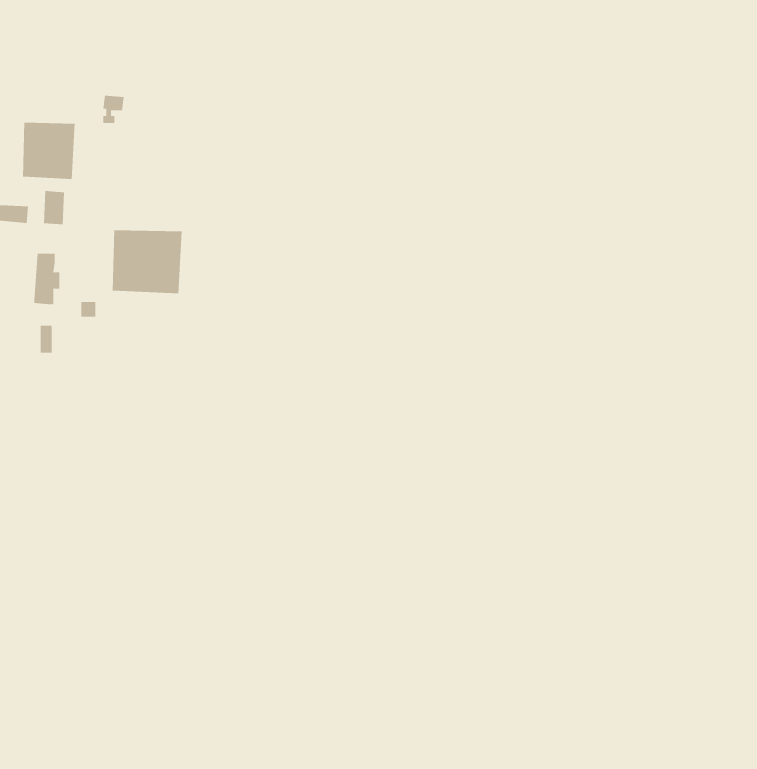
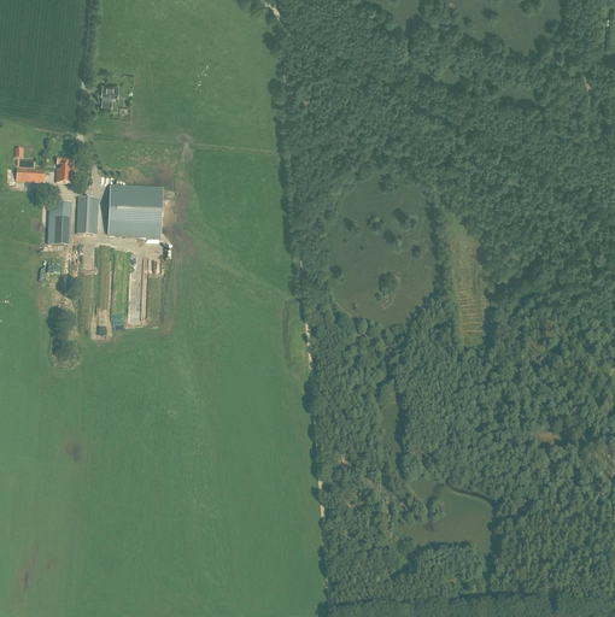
building: [22,122,75,180] -> none
building: none -> [76,196,98,234]

